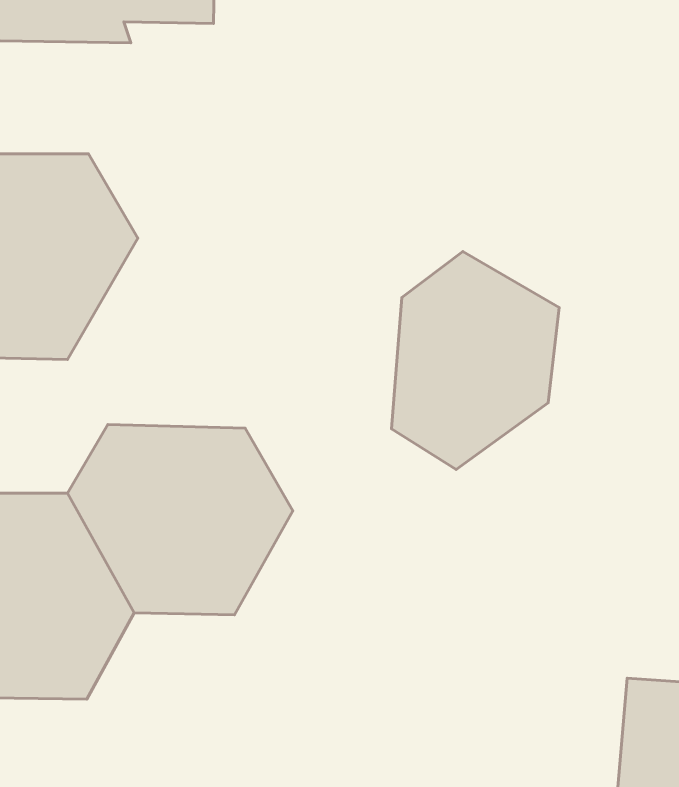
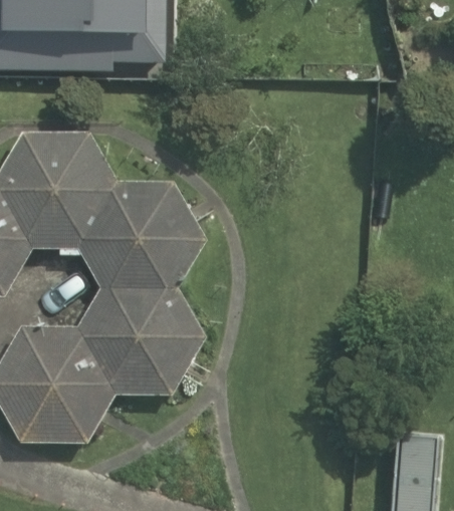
building: none -> [77,180,206,288]
building: [392,252,559,470] -> none

